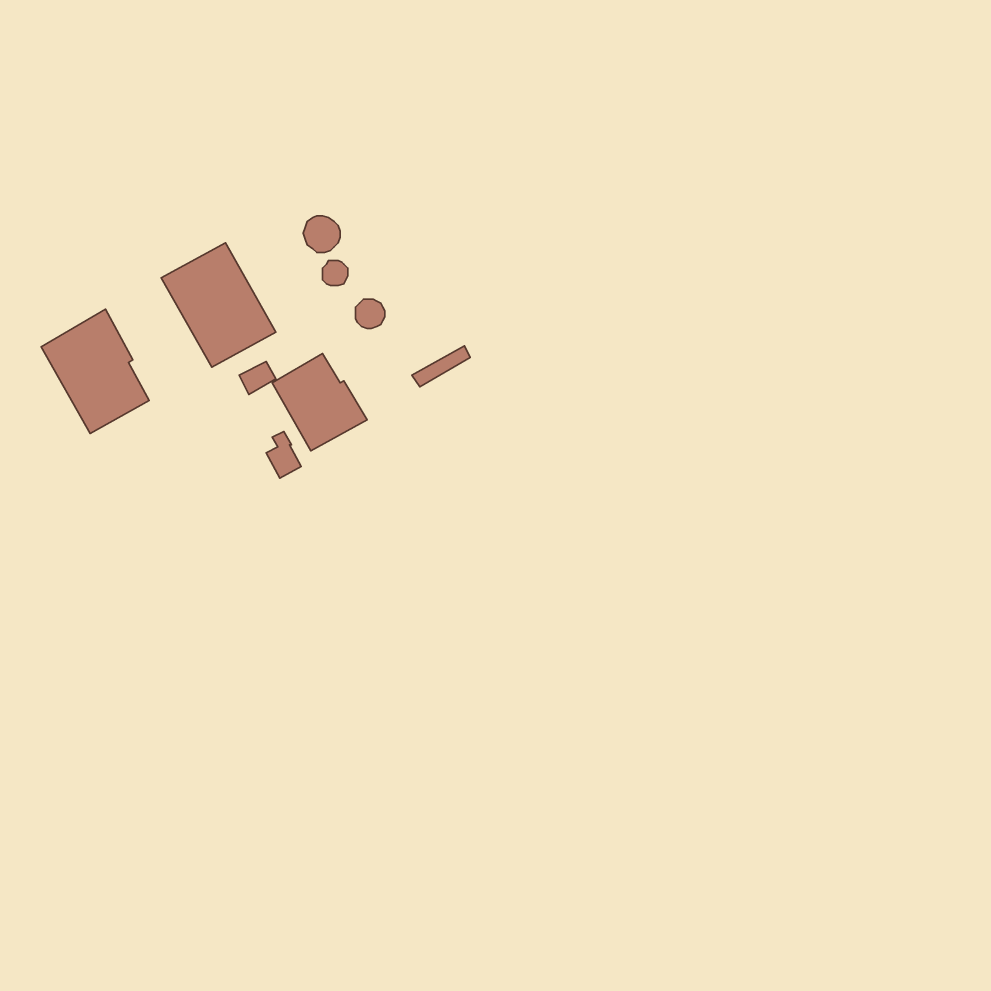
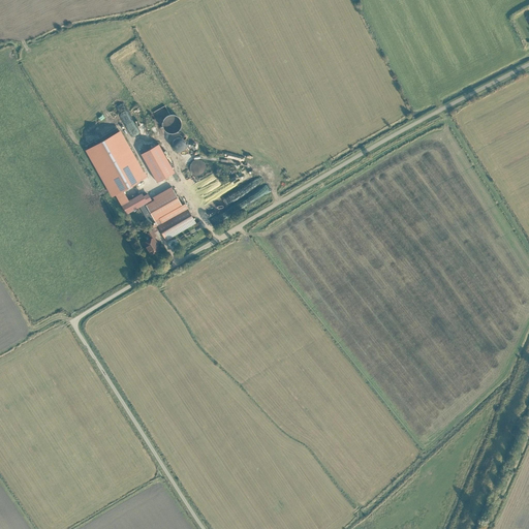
building: none -> [139,144,174,183]
building: [41,309,149,433] -> none

